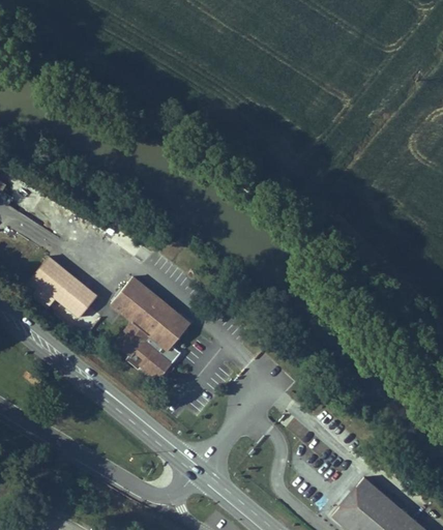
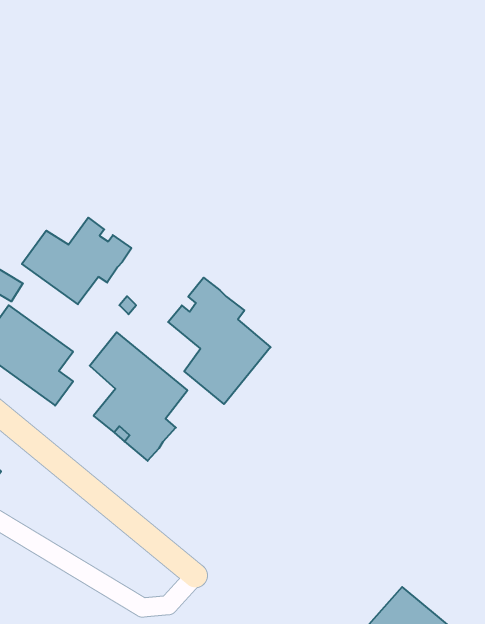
building: none -> [22,218,131,304]
building: none -> [168,278,271,404]

